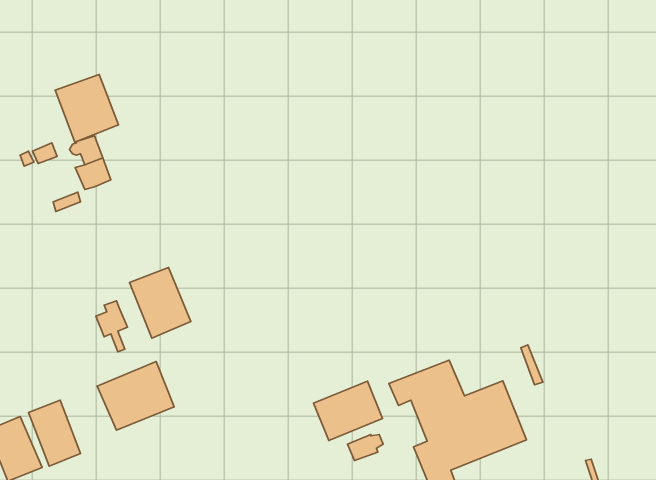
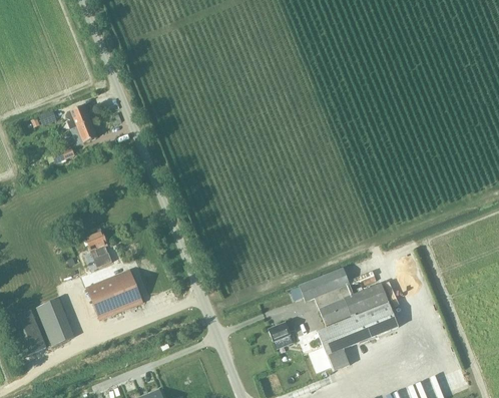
building: [55,75,119,142] -> none
building: [130,268,191,338] -> none
building: [314,381,383,441] -> none

